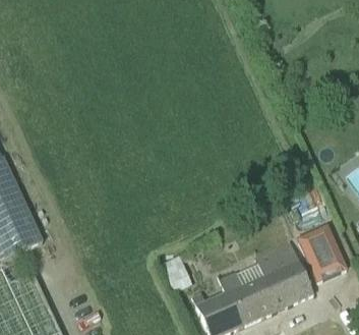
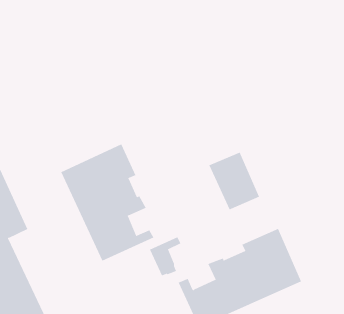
building: none -> [61,143,154,262]
building: [296,224,347,282] -> [209,152,260,210]

